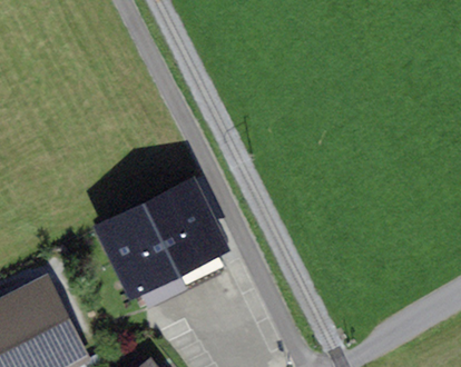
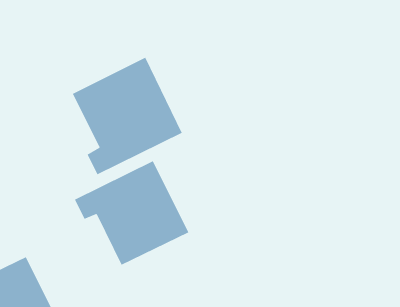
building: none -> [72,57,183,175]

